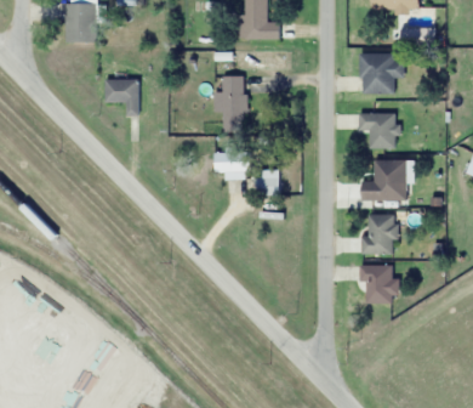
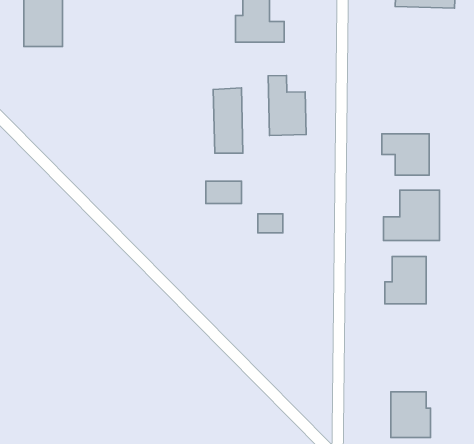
building: [359,53,403,93] -> none
building: none -> [268,75,306,135]
building: [104,79,138,114] -> none
building: [363,265,395,302] -> [391,392,431,438]

